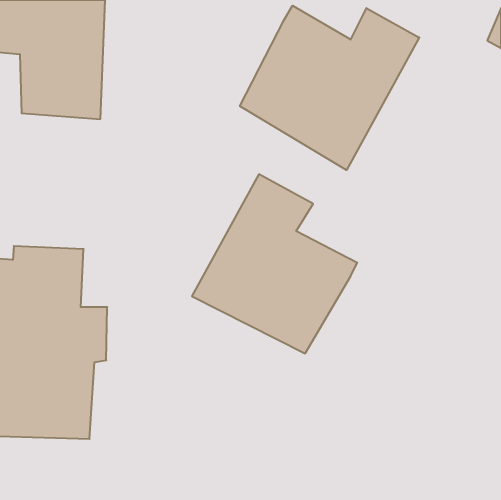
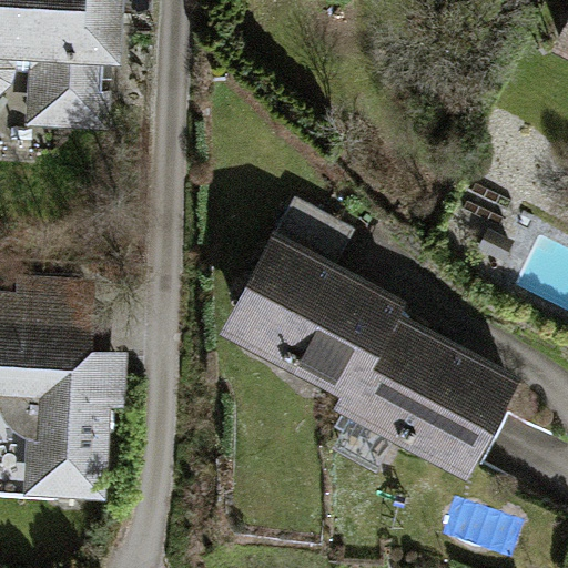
building: [240,6,419,170] -> none
building: none -> [337,315,521,481]

